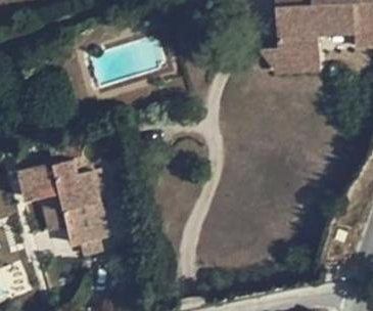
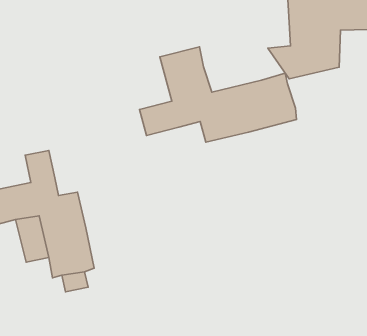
building: none -> [139,47,296,142]

